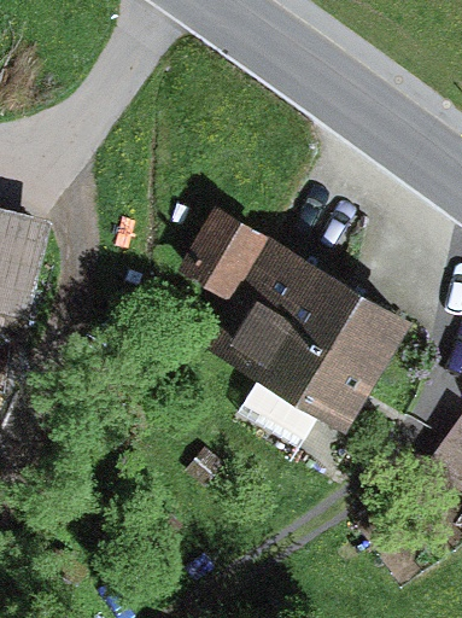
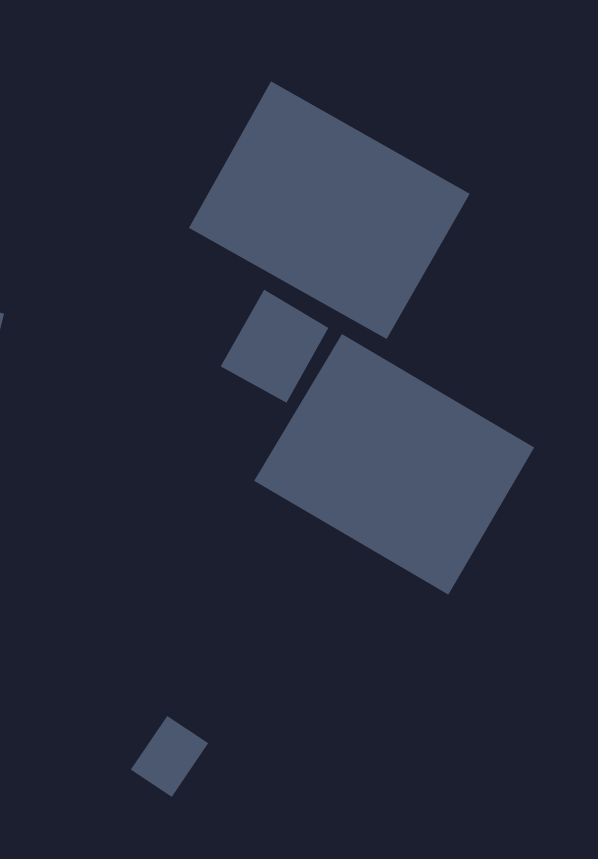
building: none -> [188,80,470,340]

